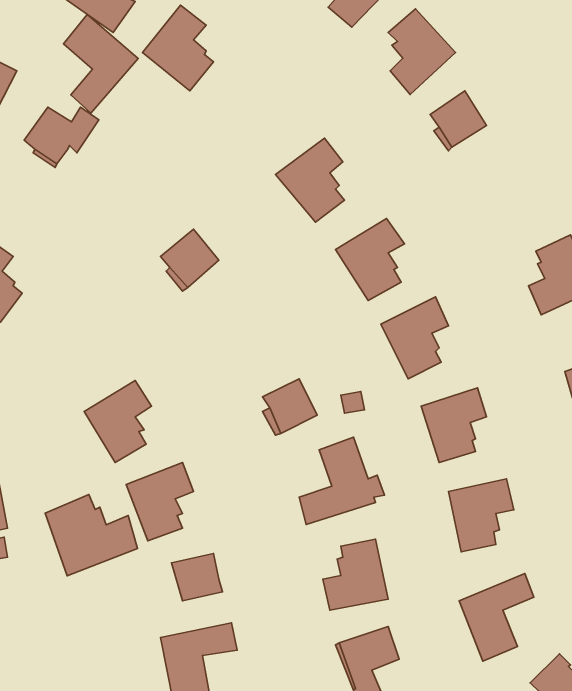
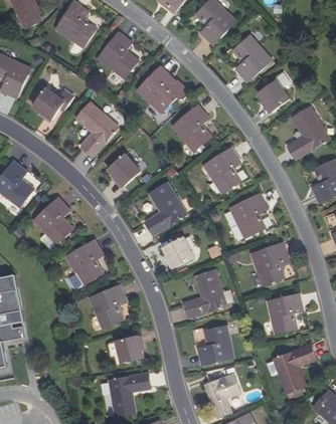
building: [64,15,138,113] -> [76,103,118,158]
building: none -> [137,67,188,115]
building: none -> [286,107,327,159]
building: none -> [145,185,186,237]
building: none -> [33,198,71,245]
building: [45,495,138,576] -> none

